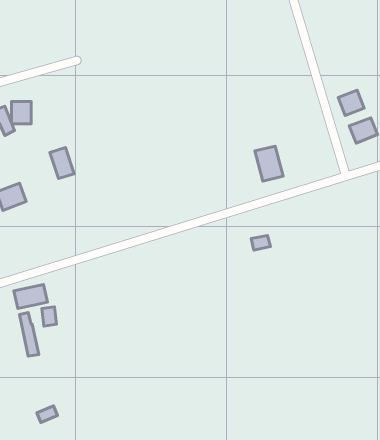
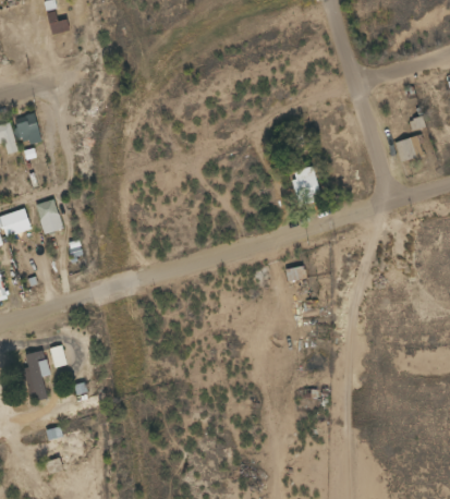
building: [338,90,364,115] -> none
building: [50,147,74,179] -> [35,198,62,233]
building: [14,285,47,308] -> none

